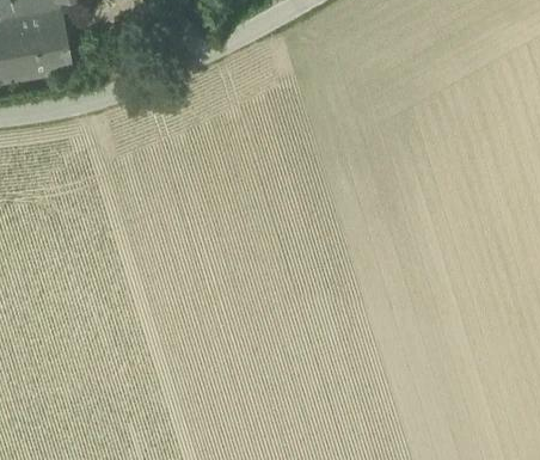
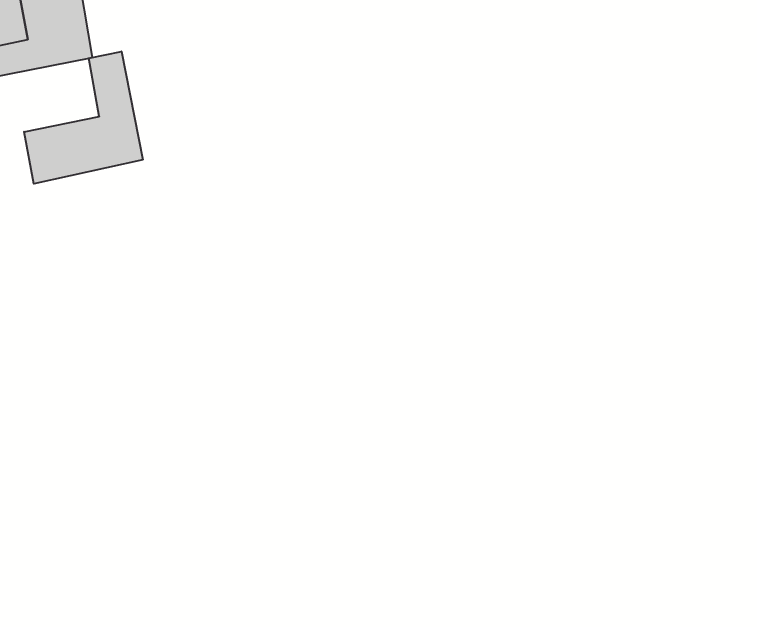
building: none -> [24,51,143,184]

